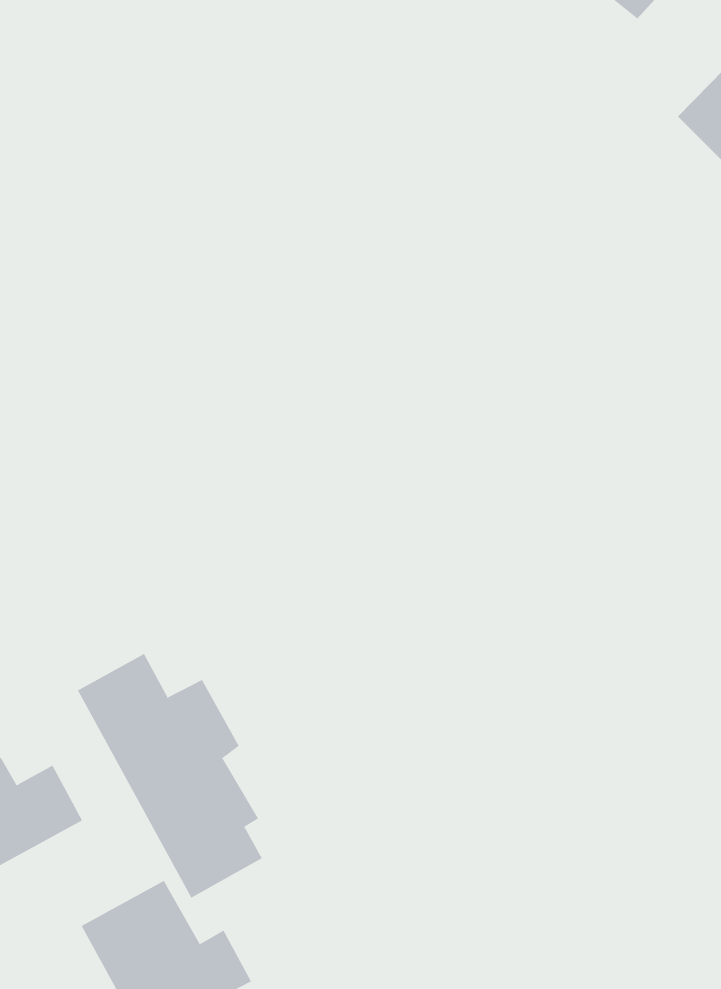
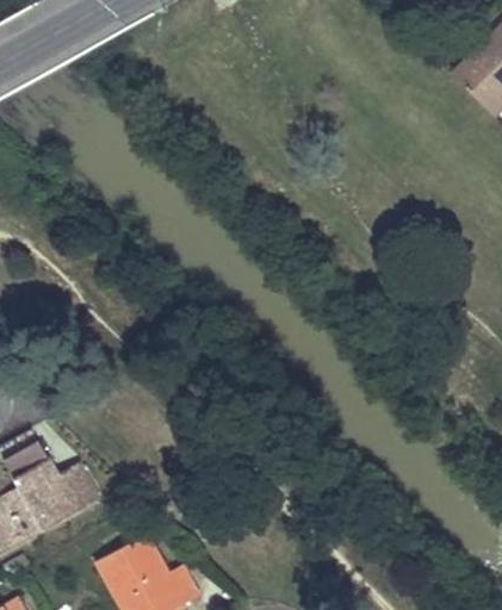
building: [77,653,262,898] -> none

